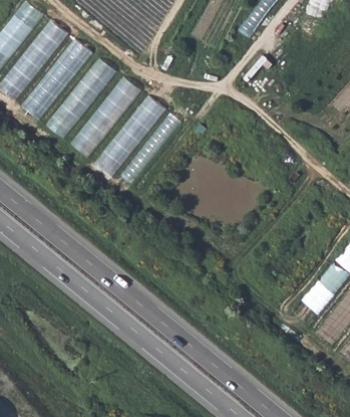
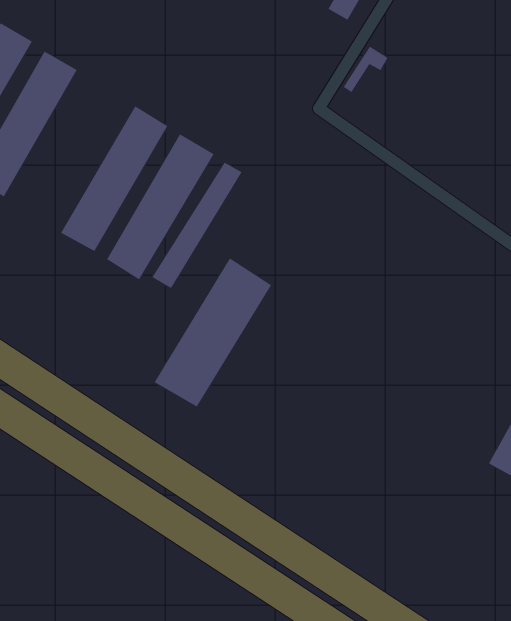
building: [45,55,116,138] -> none
building: none -> [154,258,272,408]

